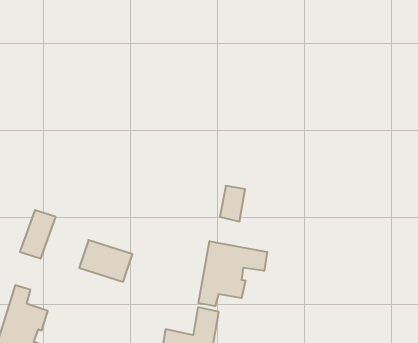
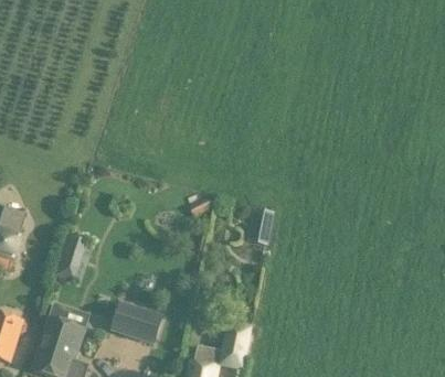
building: [79,240,132,282] -> [112,304,162,344]
building: [198,241,267,306] -> none

